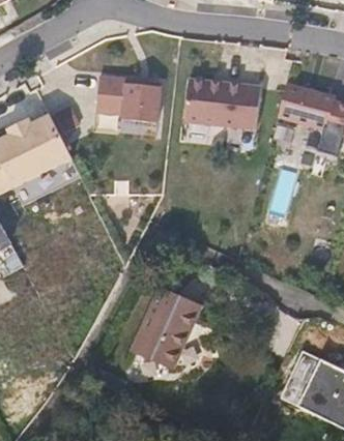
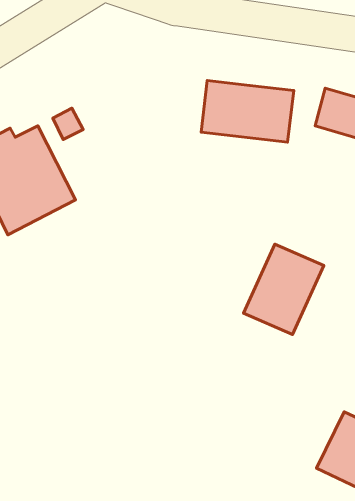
building: [96,76,161,122] -> none
building: [137,289,203,363] -> [244,244,324,335]

